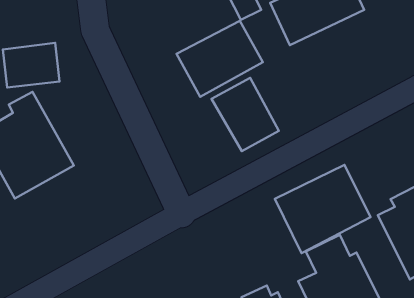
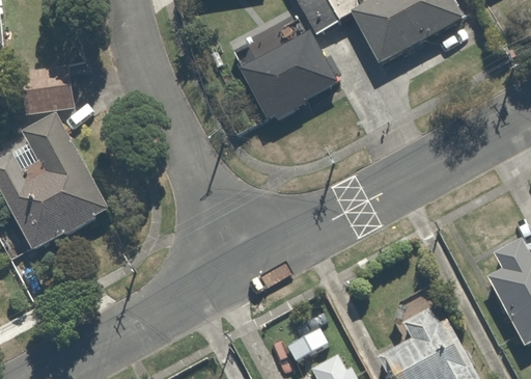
building: [211,78,279,151] -> none
building: [275,165,370,253] -> none

